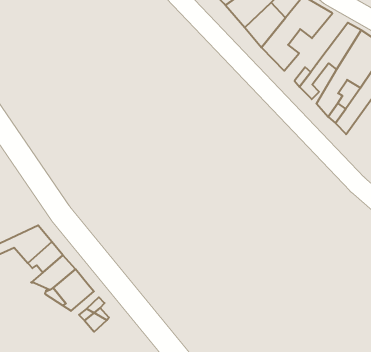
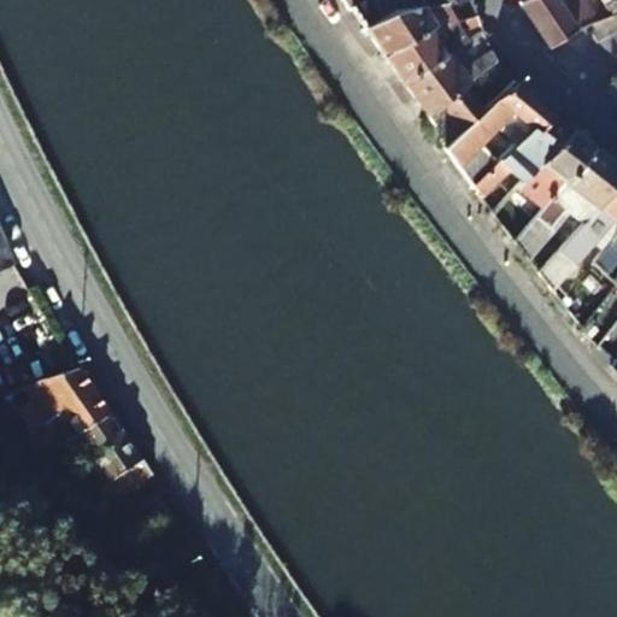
building: none -> [475,111,577,196]

